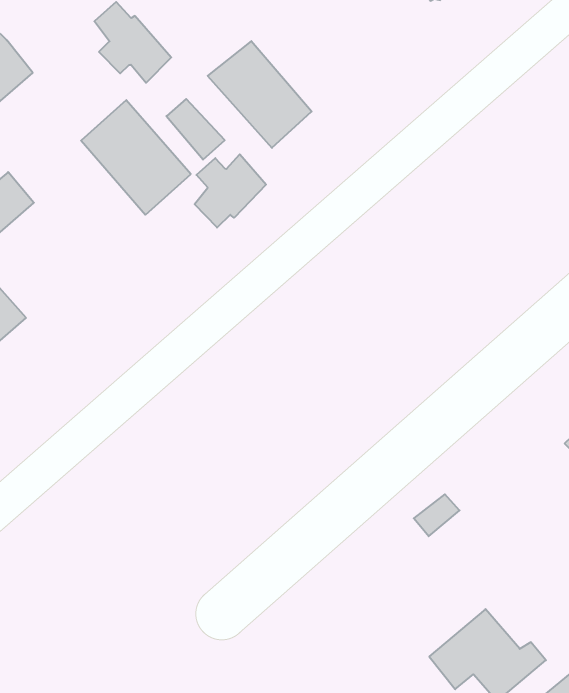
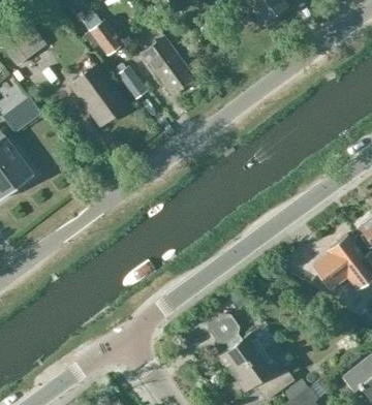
building: [195,154,266,228] -> none
building: none -> [209,313,264,373]

